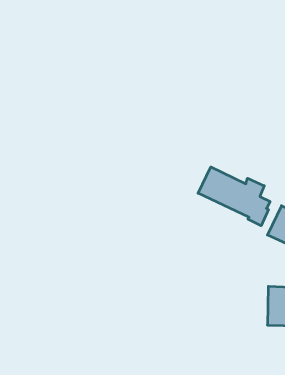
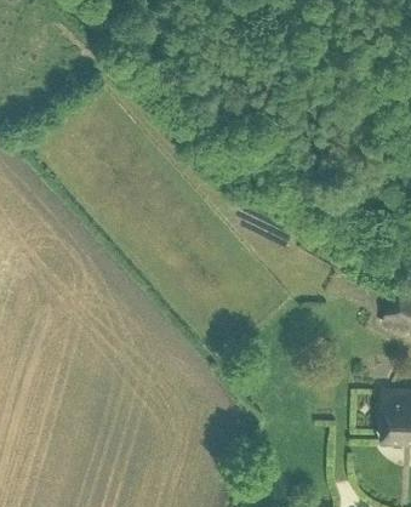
building: [198,167,270,226] -> none

